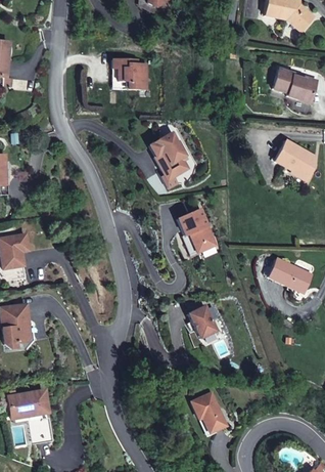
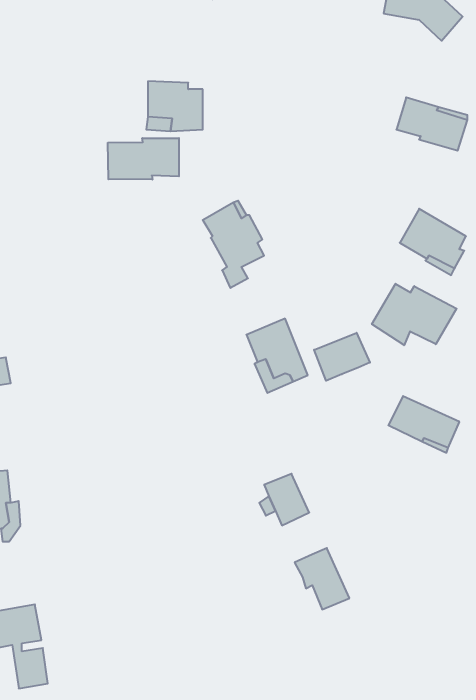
building: none -> [108,138,179,180]
building: none -> [372,284,457,345]
building: none -> [314,333,370,381]
building: [192,393,227,432] -> [295,548,349,609]

